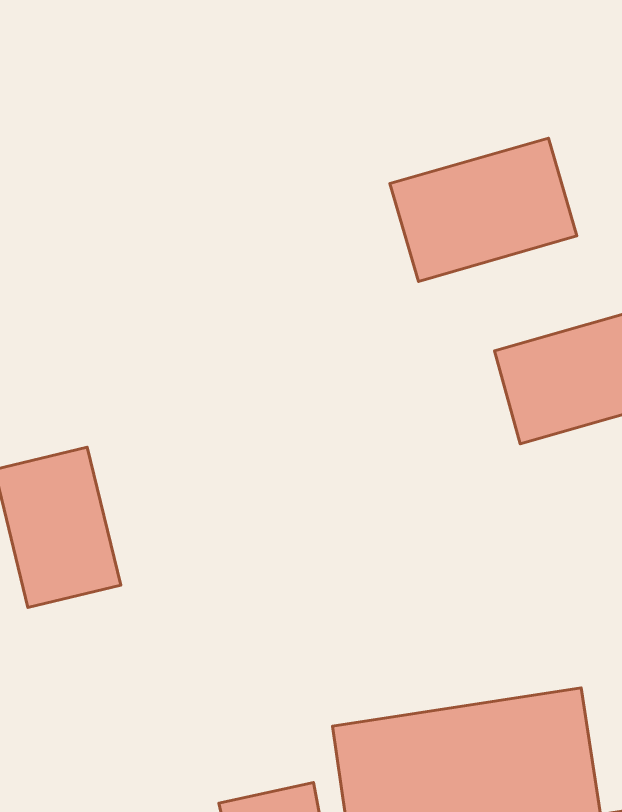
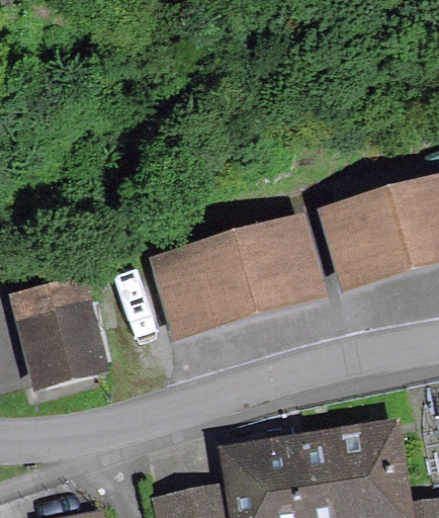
building: [390,138,577,281] -> none
building: none -> [174,233,308,324]

